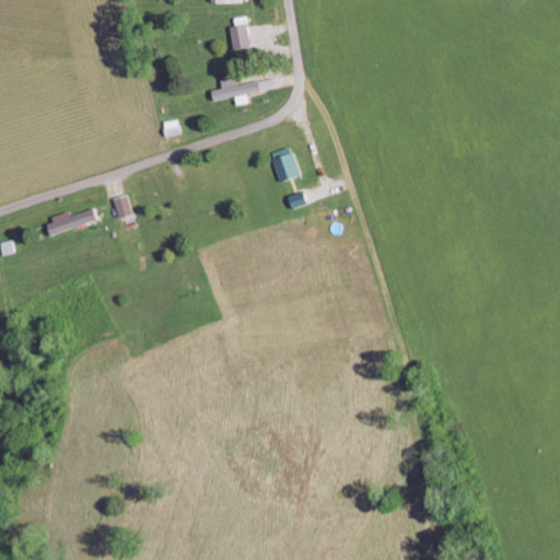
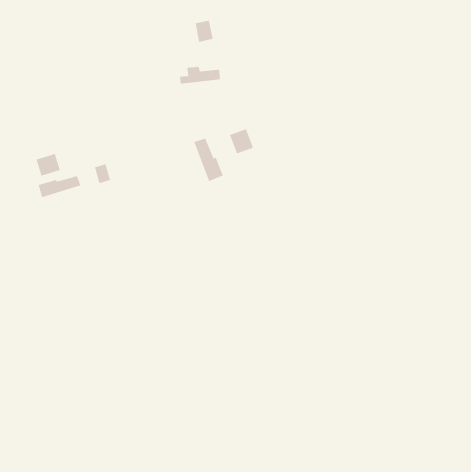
building: none -> [194,138,223,182]
building: none -> [36,153,60,176]

